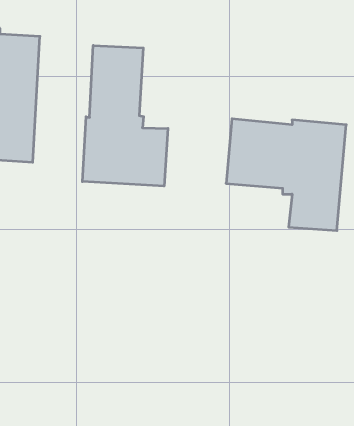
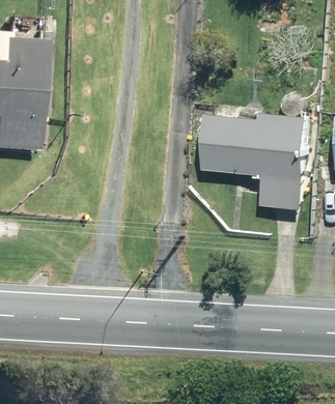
building: [82,45,168,186] -> none

